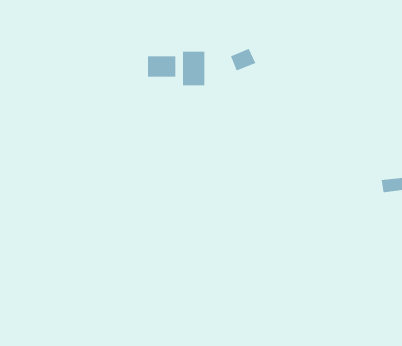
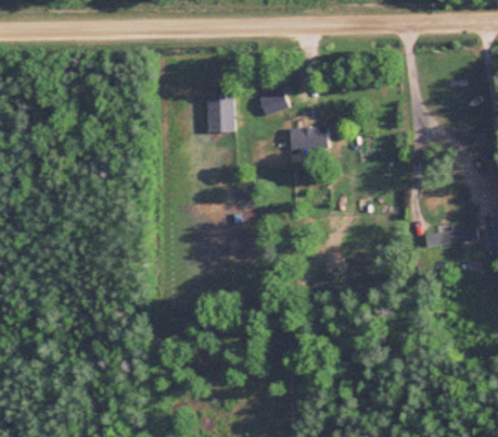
building: [148,55,176,78] -> none
building: none -> [290,128,329,149]

